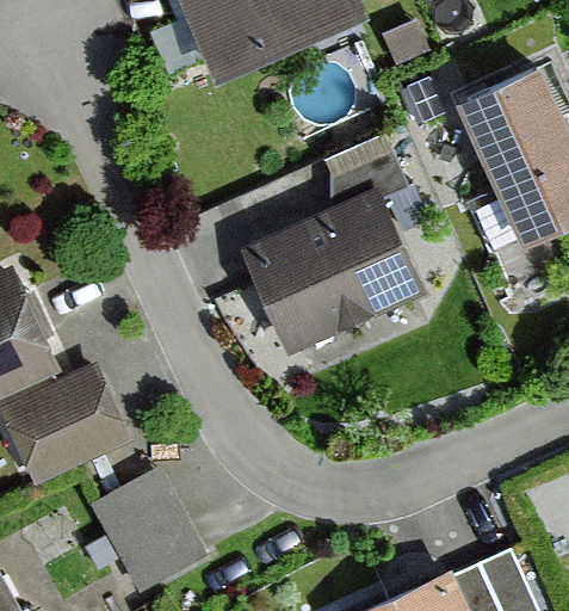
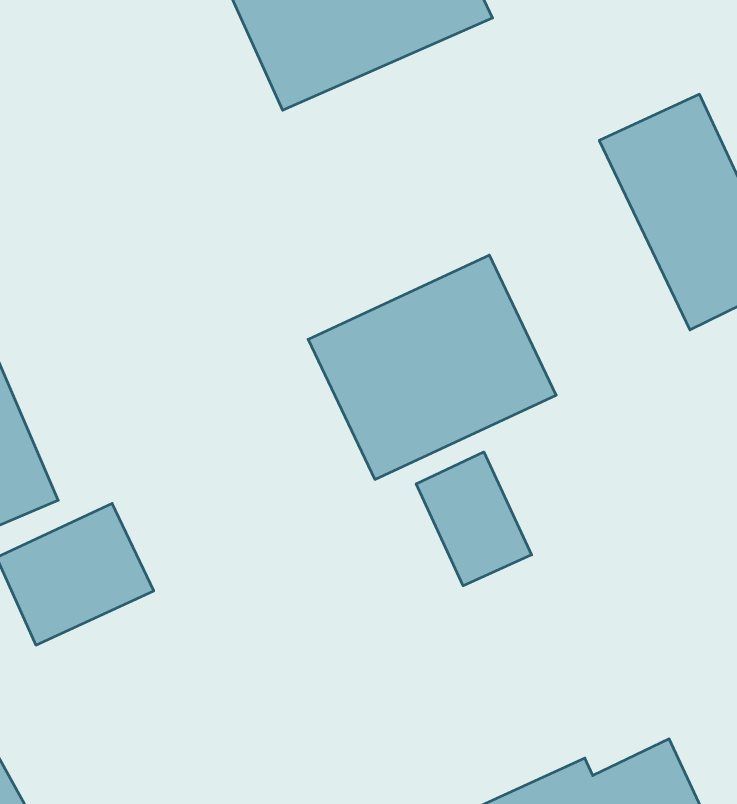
building: none -> [416,452,532,586]
building: [98,464,210,585] -> none

